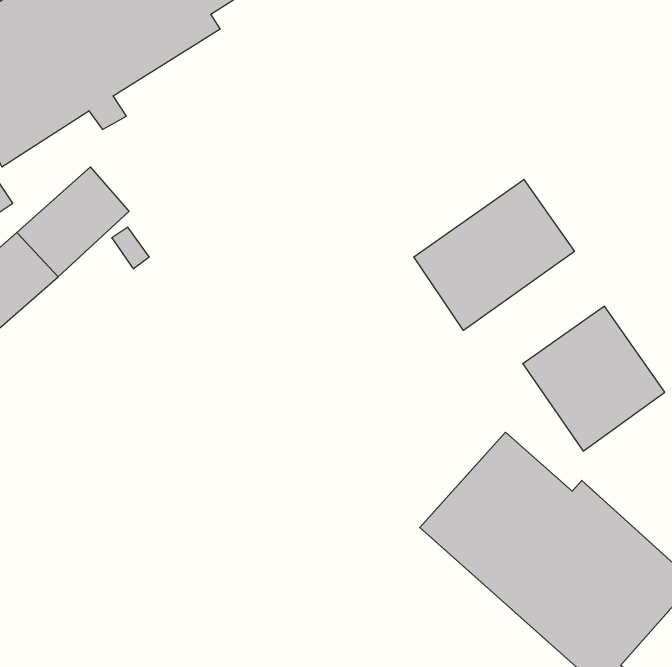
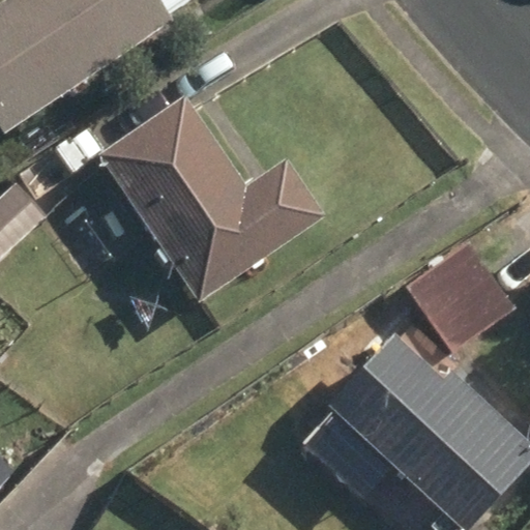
building: none -> [99,97,323,301]
building: [414,179,574,330] -> none

